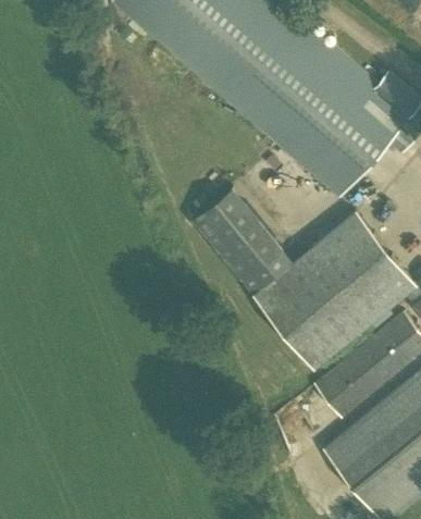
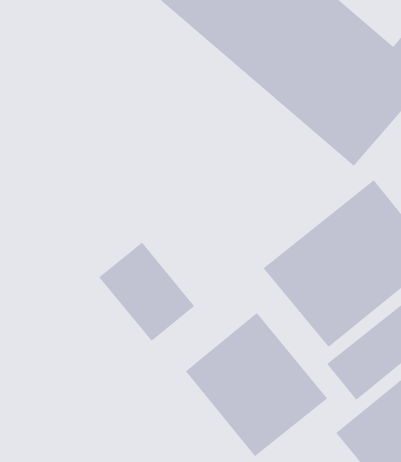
building: [190,187,282,282] -> [98,242,195,342]
building: none -> [185,312,328,457]

